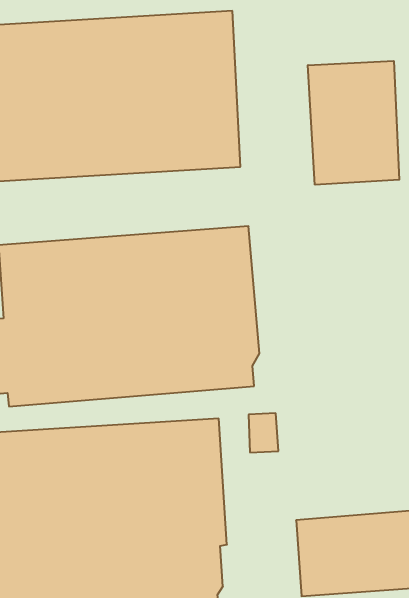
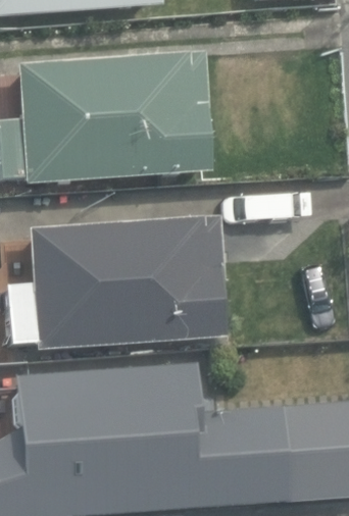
building: [308,61,399,185] -> none

